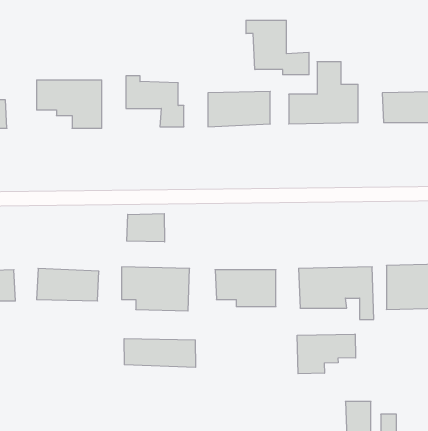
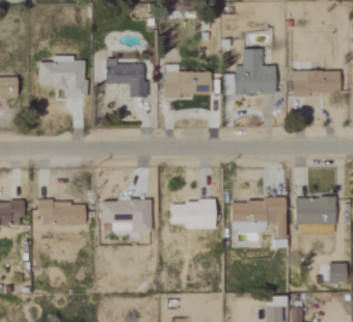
building: [246,20,309,75] -> none
building: [127,214,165,242] -> none
building: [297,334,356,374] -> none
building: [124,339,196,367] -> none

